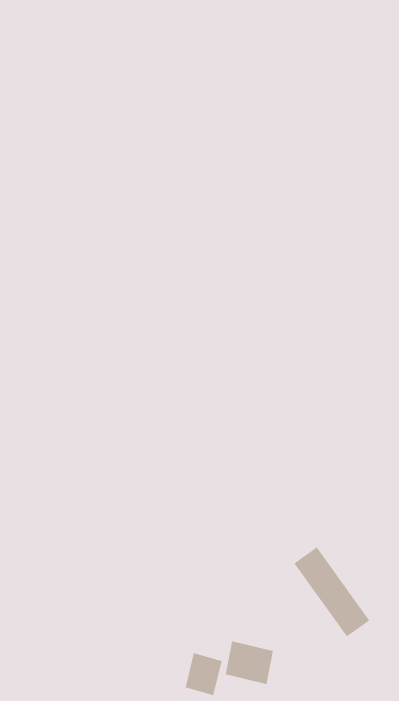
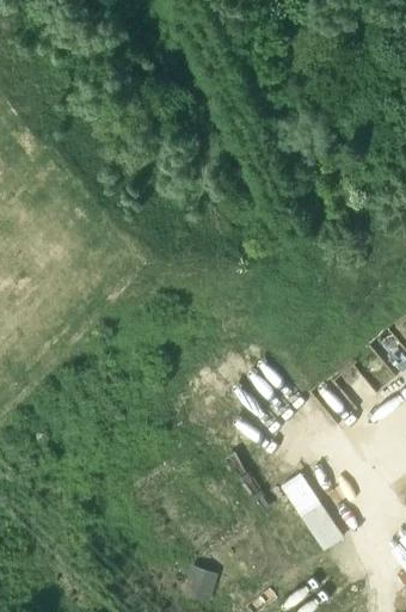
building: [225,640,273,685] -> none

